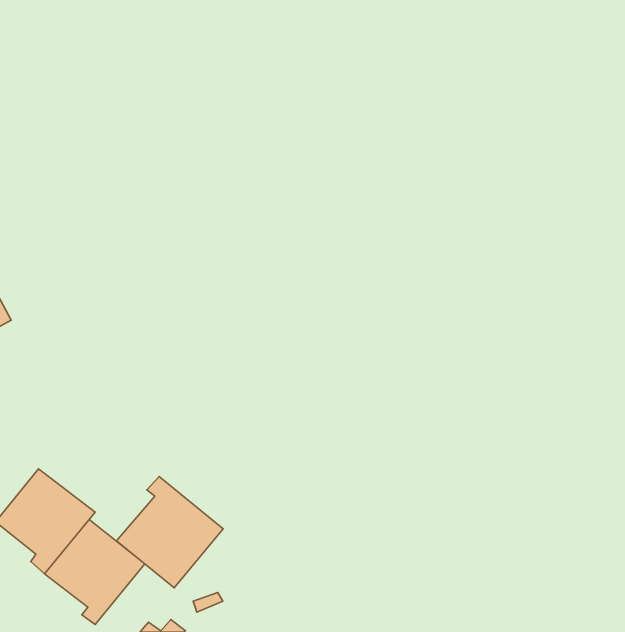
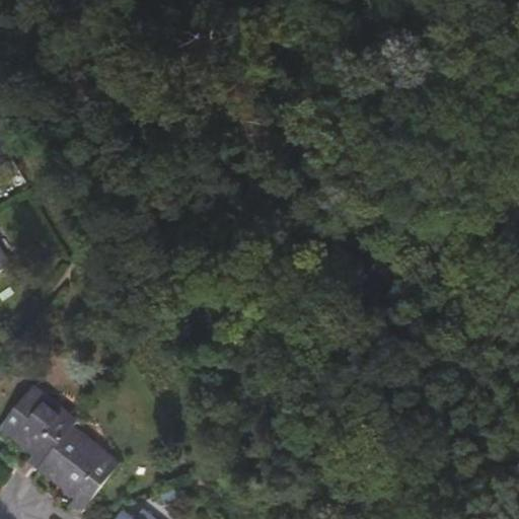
building: [116,477,223,588] -> none

